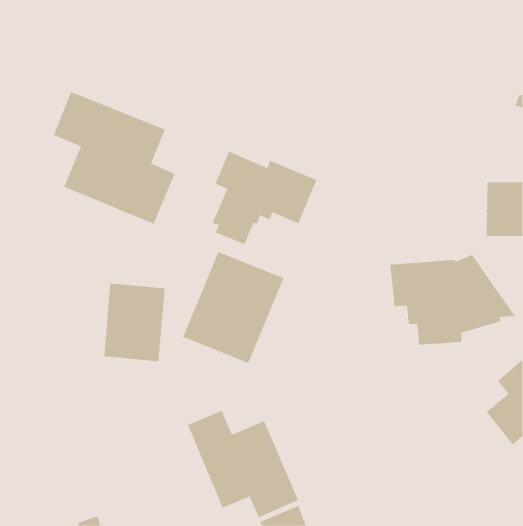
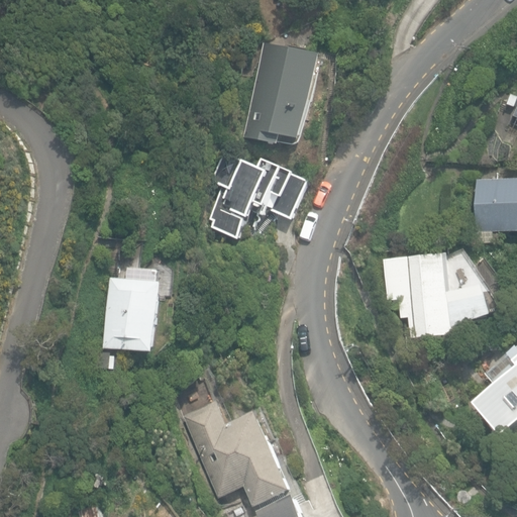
building: none -> [243,40,322,145]
building: [53,91,175,224] -> none
building: [183,251,284,364] -> none

